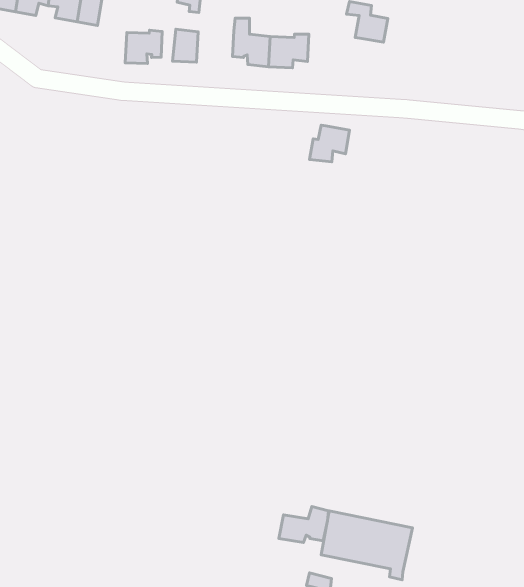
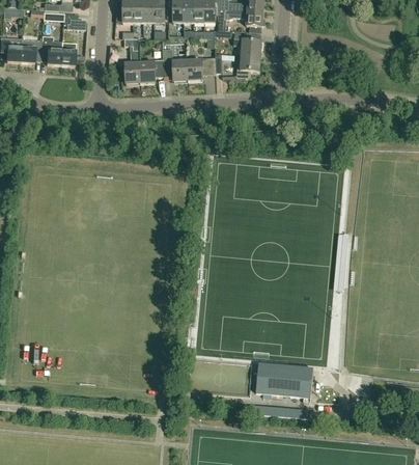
building: [125,30,162,64] -> [139,59,163,82]
building: [309,125,350,162] -> [235,55,259,78]
building: [279,507,329,543] -> none

